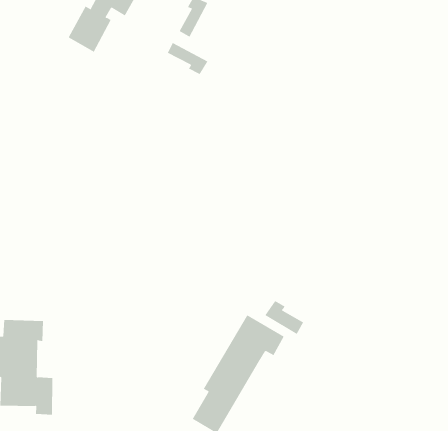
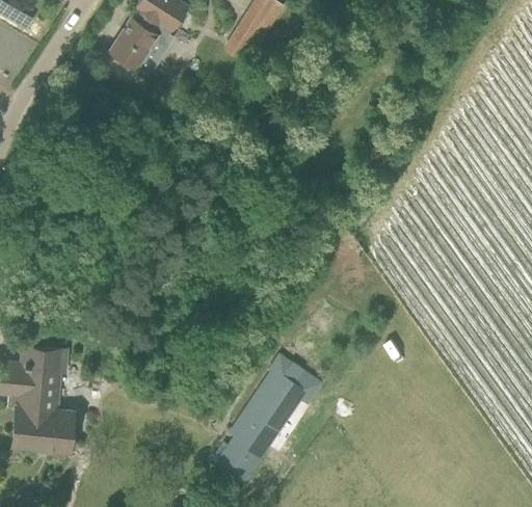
building: [167,42,208,75] -> none
building: [265,300,304,335] -> none

